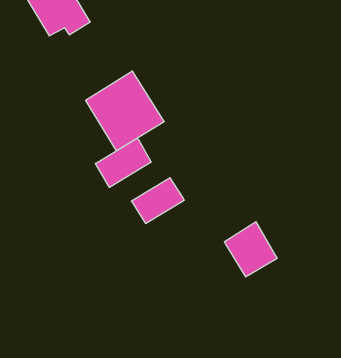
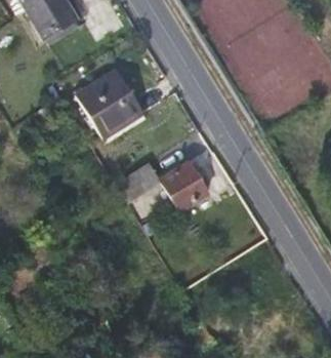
building: [95,138,151,187] -> none
building: [224,222,277,277] -> [162,163,208,211]

